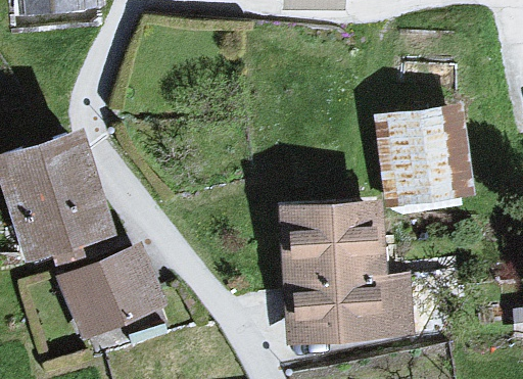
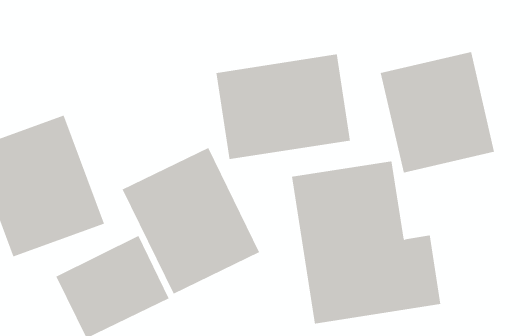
building: none -> [216,54,351,160]
building: none -> [122,147,260,295]

